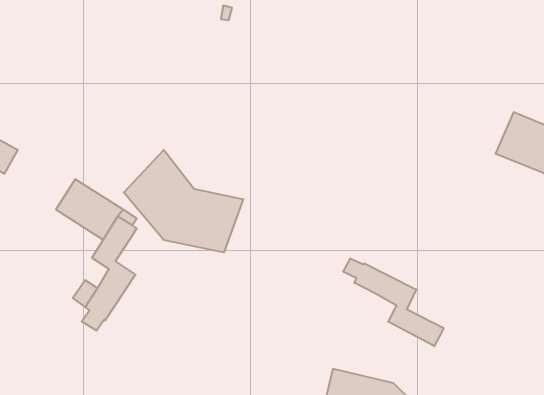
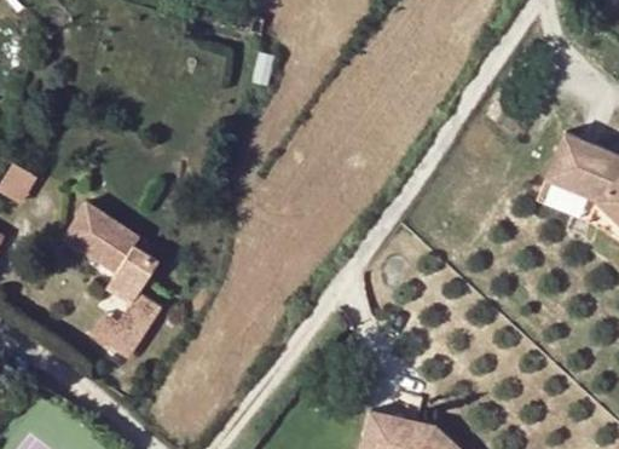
building: [124,150,243,252] -> none
building: [343,258,444,346] -> none

